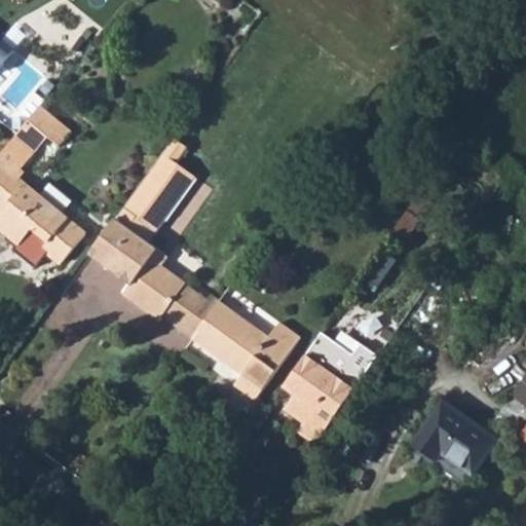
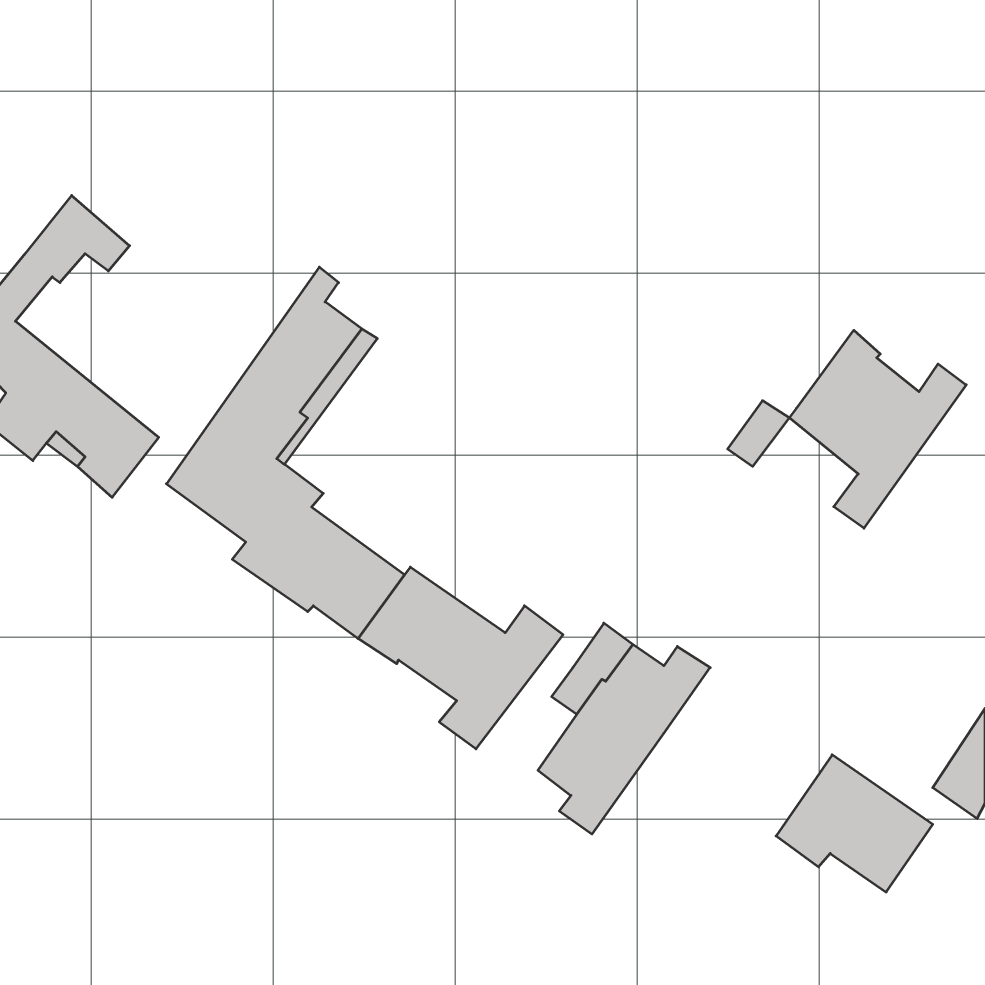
building: none -> [790,330,966,528]

